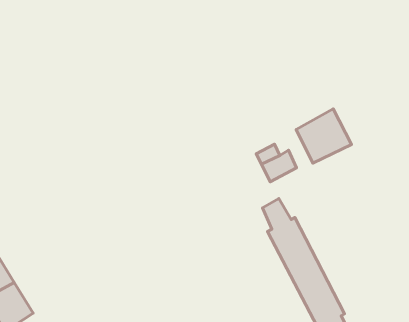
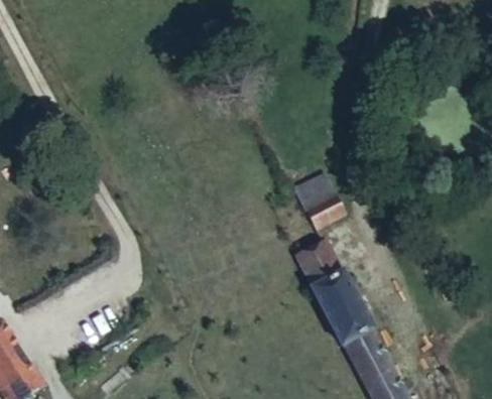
building: [296,109,352,163] -> none

